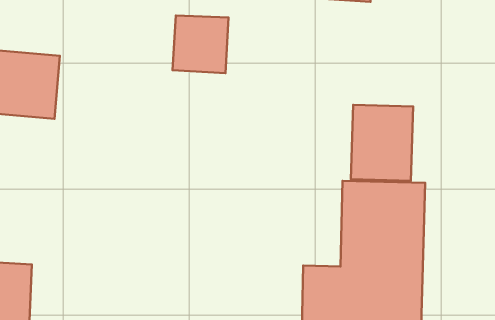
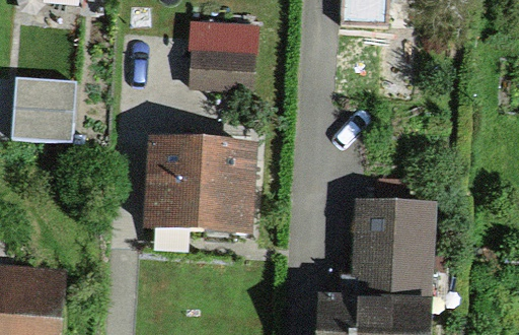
building: [351,105,413,181] -> none
building: none -> [149,147,241,227]

